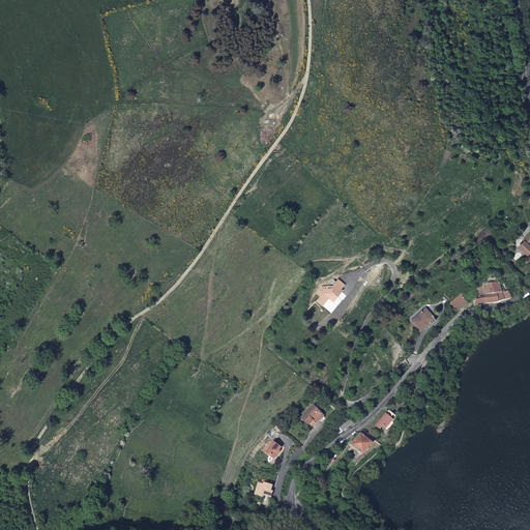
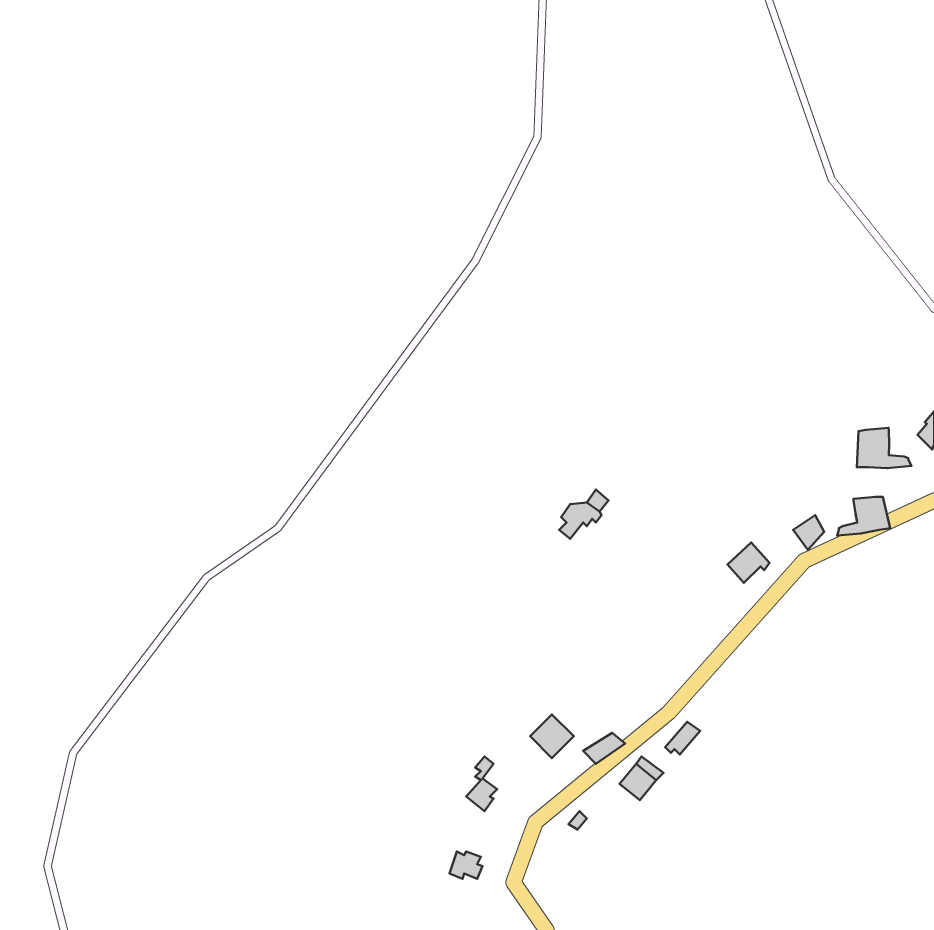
building: none -> [857,428,911,468]

